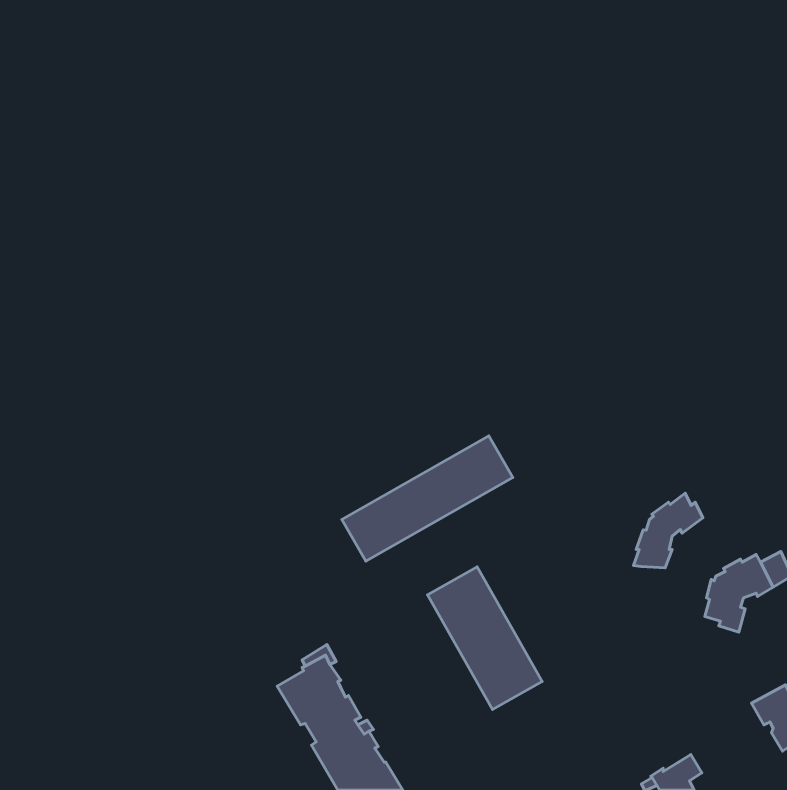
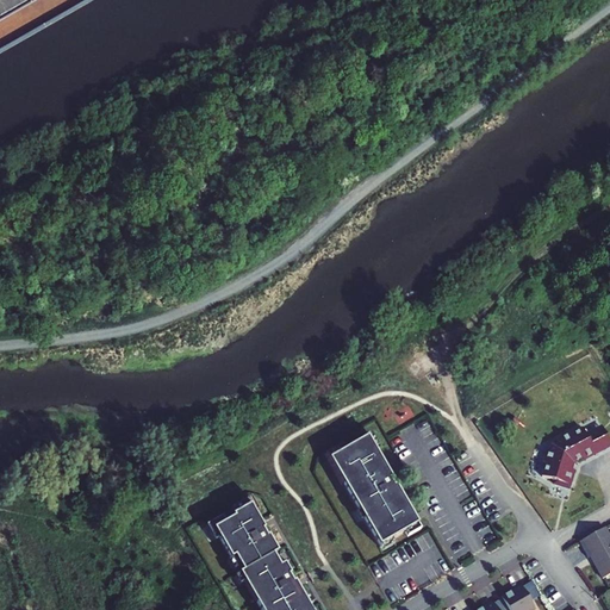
building: [342,436,513,561] -> none
building: [634,493,703,568] -> none

